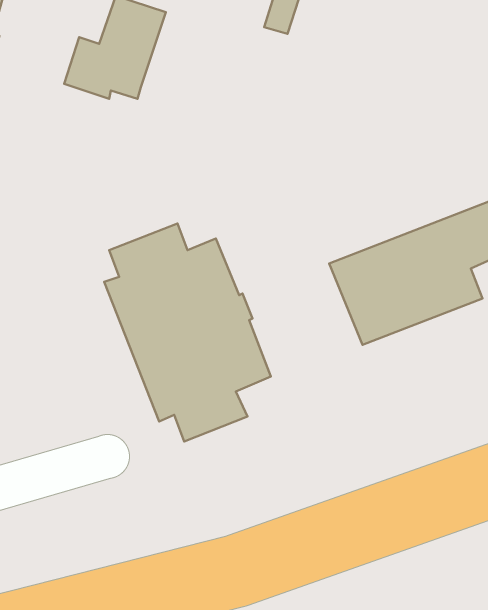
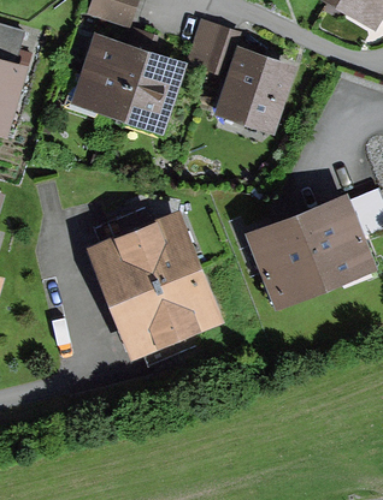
building: none -> [117,55,172,123]
building: none -> [223,55,284,124]

